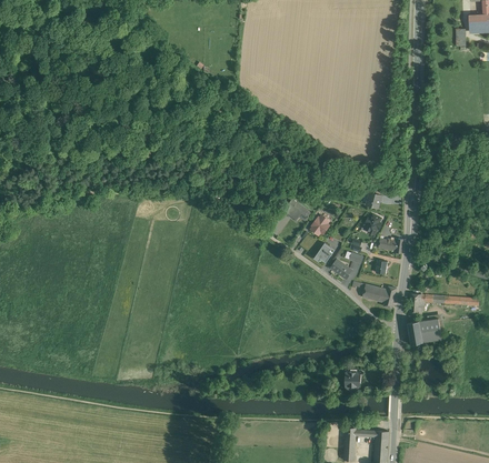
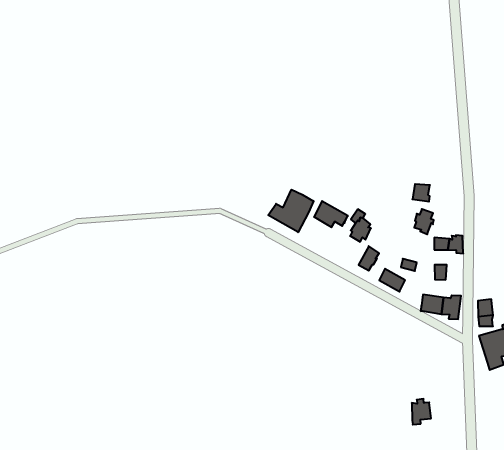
building: none -> [268,190,314,232]

